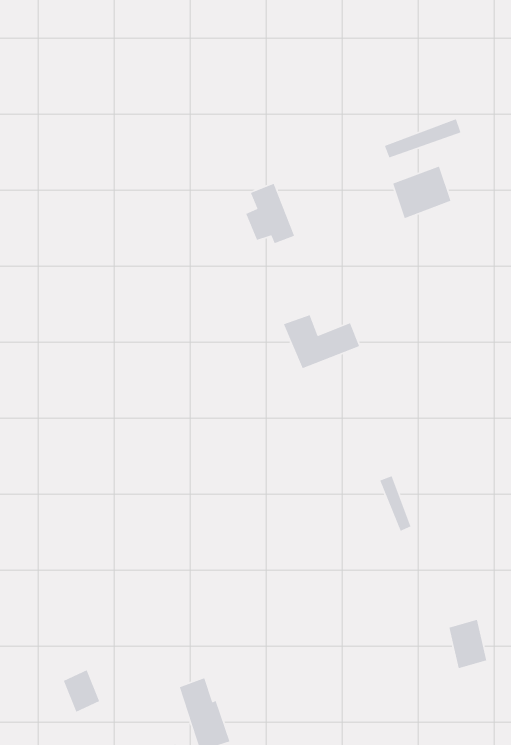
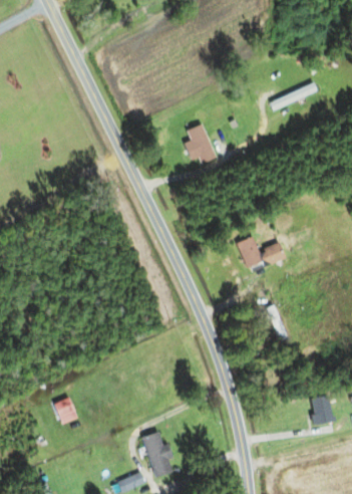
building: [392,165,451,219] -> none
building: [283,314,360,369] -> [237,237,285,271]
building: [63,669,100,713] -> [54,397,77,424]

